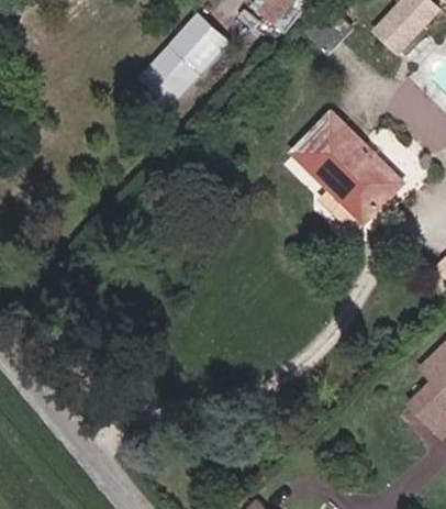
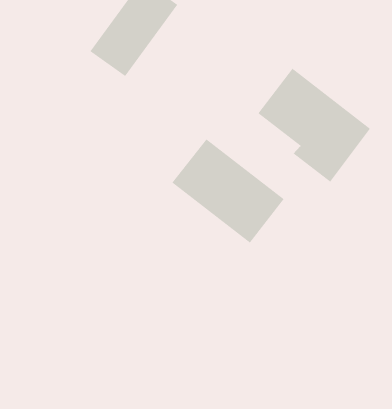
building: none -> [172,138,285,243]

